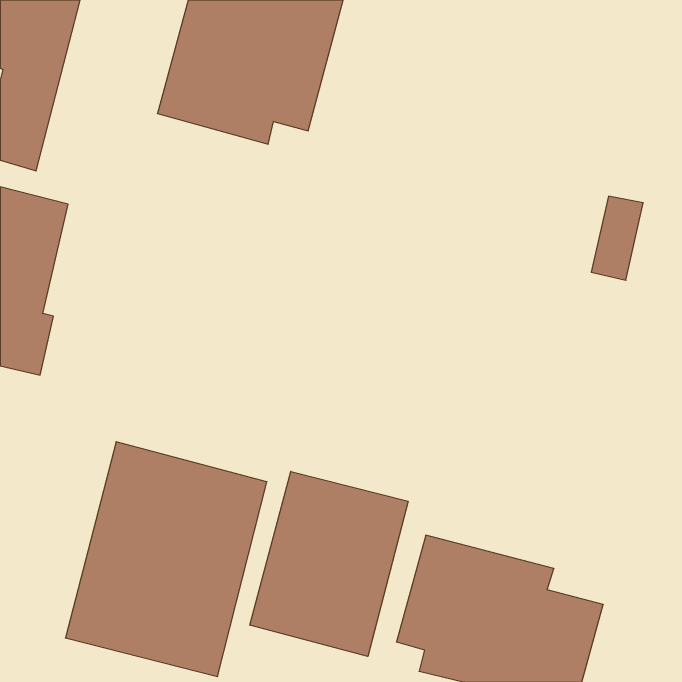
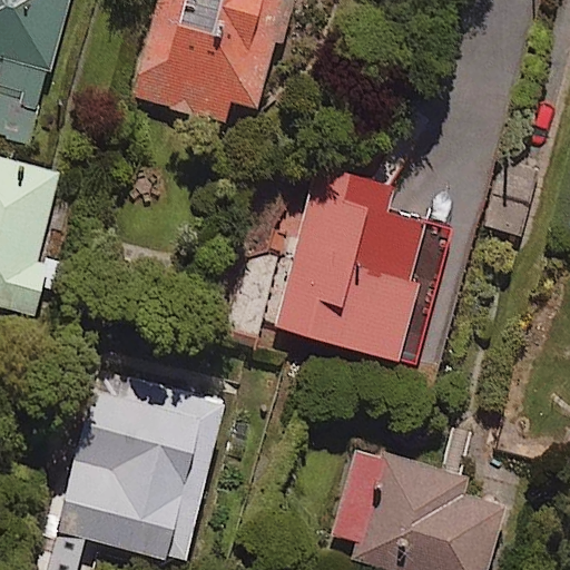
building: none -> [273,165,451,365]
building: [250,471,408,656] -> none

